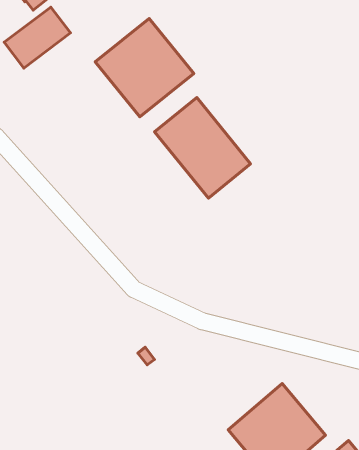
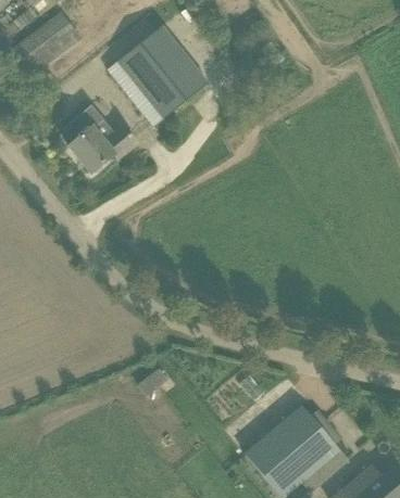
building: [155,97,251,198] -> none
building: none -> [61,112,137,171]

